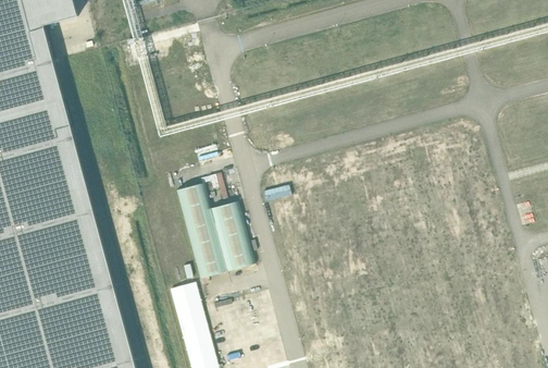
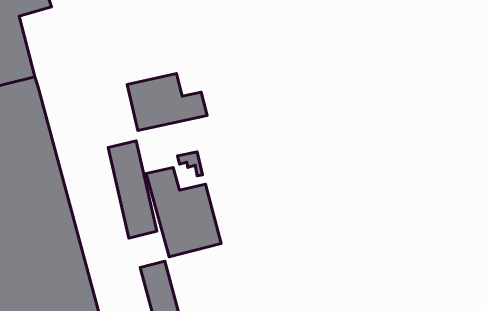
building: none -> [127,73,207,131]
building: none -> [108,141,157,238]

